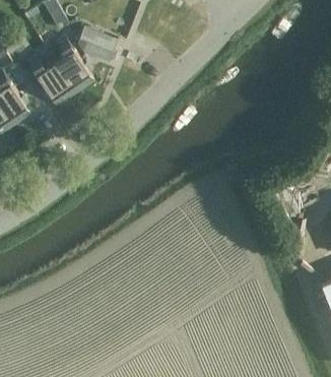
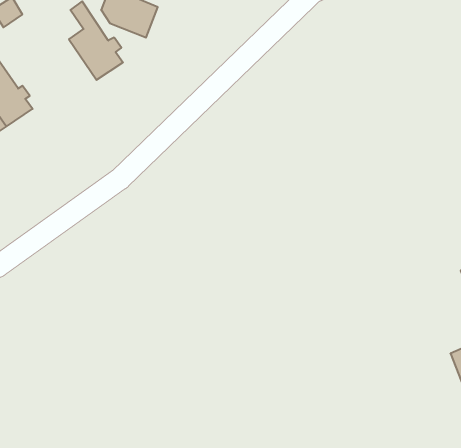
building: [26,54,73,102] -> none

